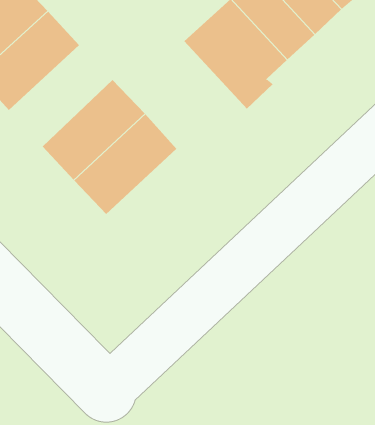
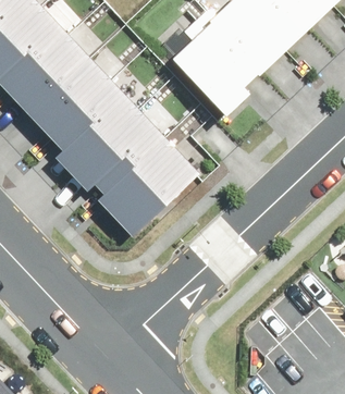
building: none -> [24,56,113,143]
building: none -> [101,145,202,243]

